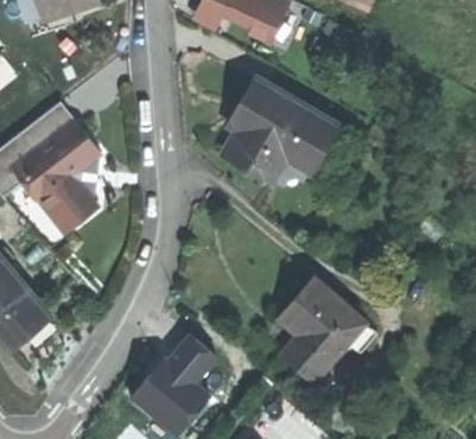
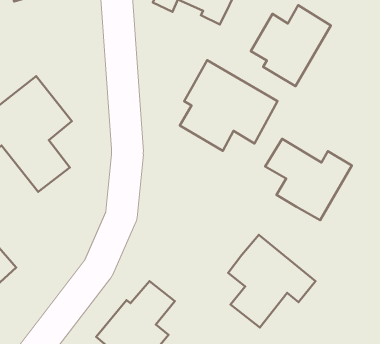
building: none -> [251,5,331,86]
building: none -> [265,139,352,220]

